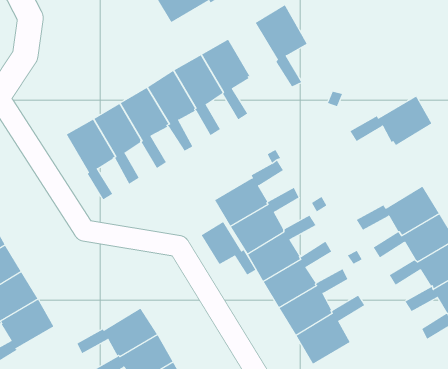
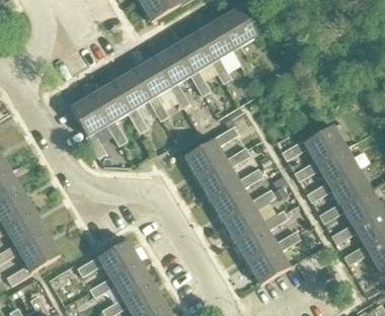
building: none -> [196,20,233,83]
building: [350,96,432,146] -> [282,125,345,163]
building: [201,221,256,276] -> none

